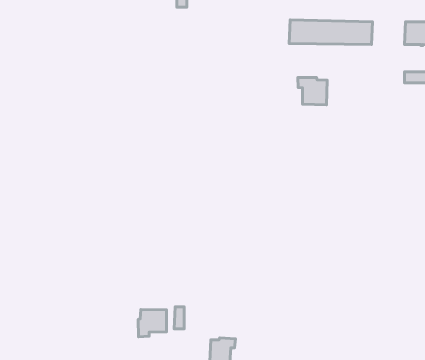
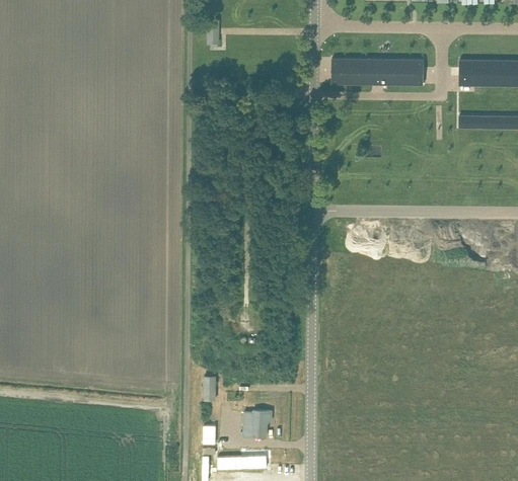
building: [298,77,327,105] -> none
building: [138,310,167,337] -> none

